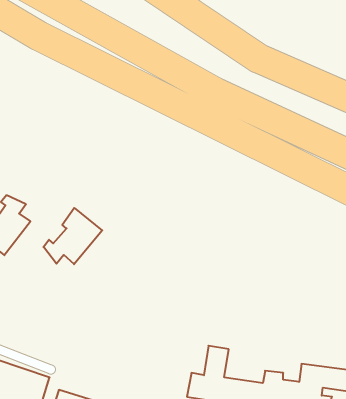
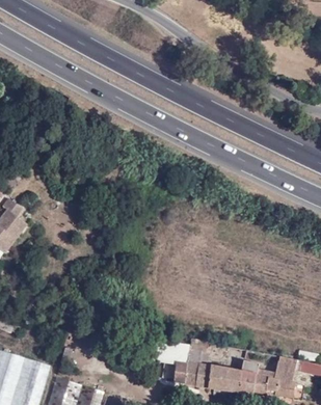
building: [43,208,102,264] -> none

